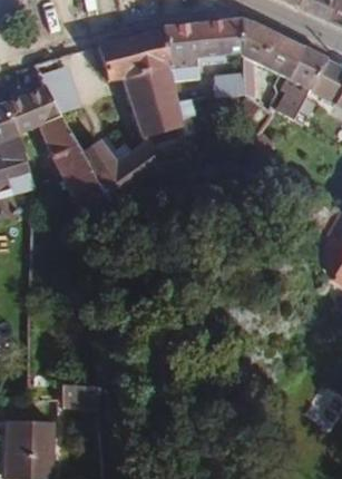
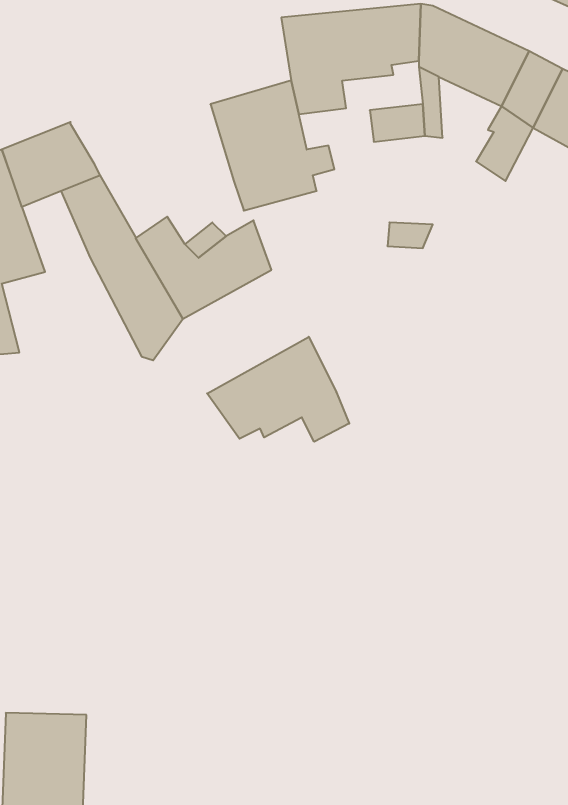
building: [97,27,168,80] -> none
building: [38,61,78,109] -> none
building: none -> [207,337,349,442]

